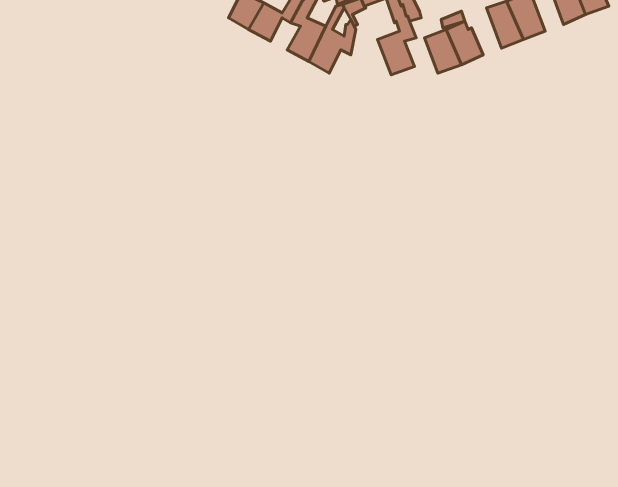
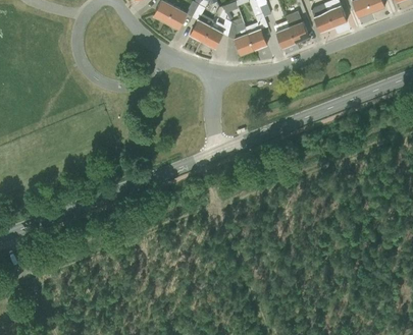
building: none -> [228,18,253,54]

